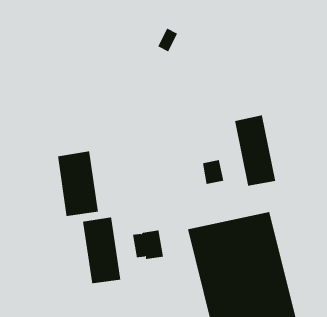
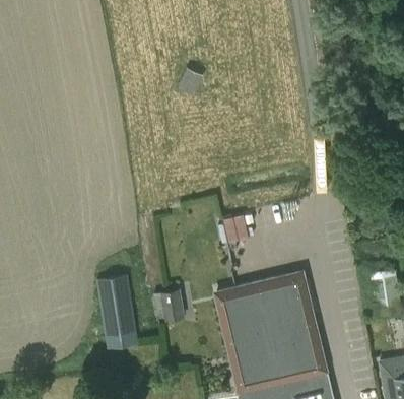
building: [235,114,276,187] -> none
building: [57,151,99,217] -> none

